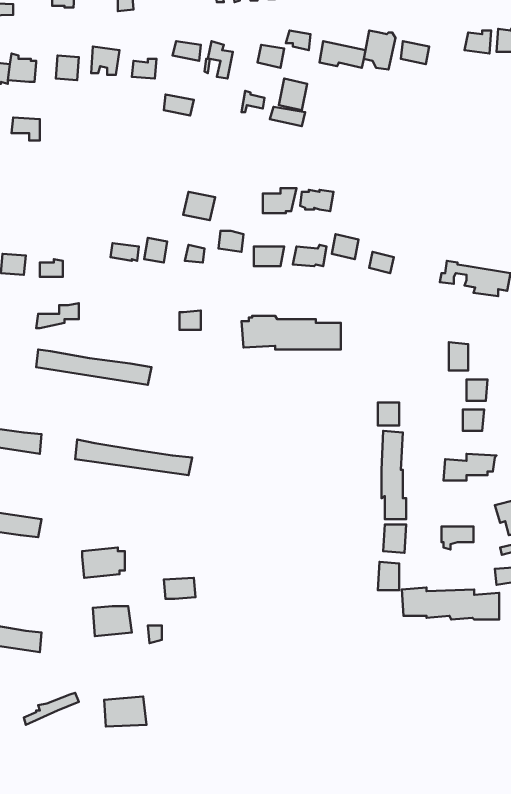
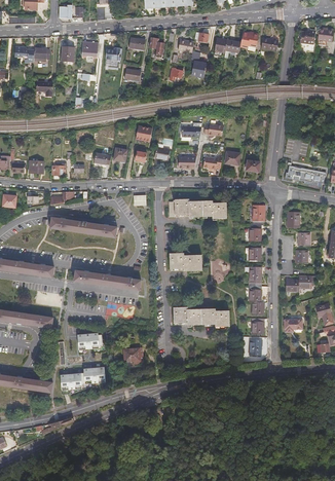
building: none -> [250,207,265,243]
building: none -> [169,253,201,271]
building: [402,588,499,620] -> [172,308,228,327]
building: [104,696,147,726] -> [59,371,83,388]

